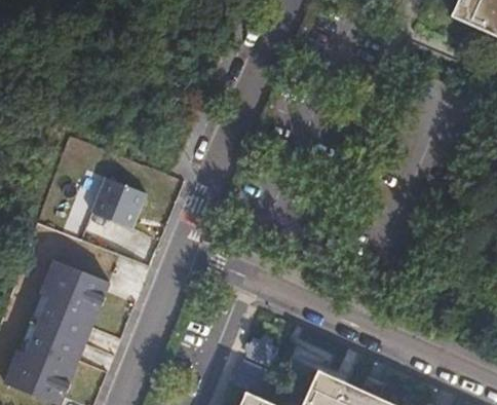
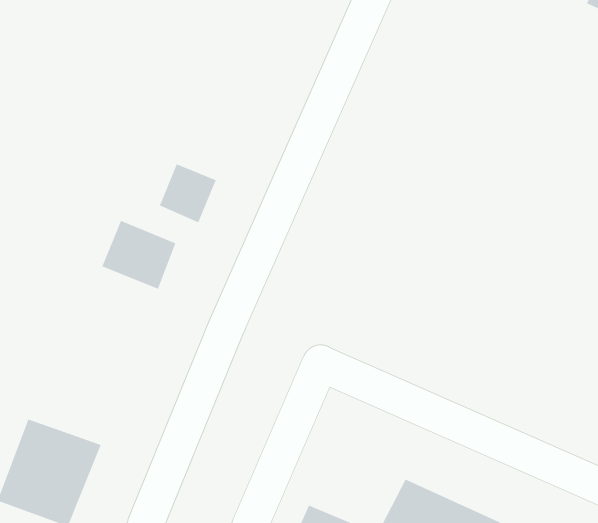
building: none -> [159,164,217,223]
building: [31,262,110,344] -> none

